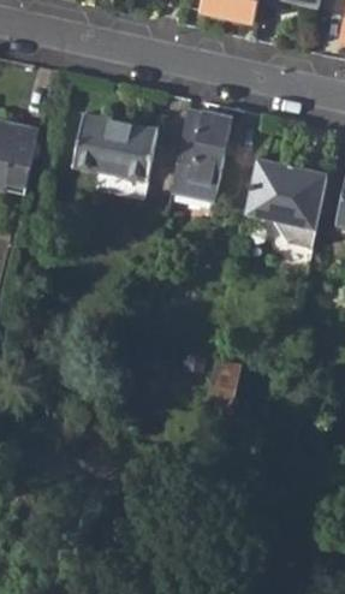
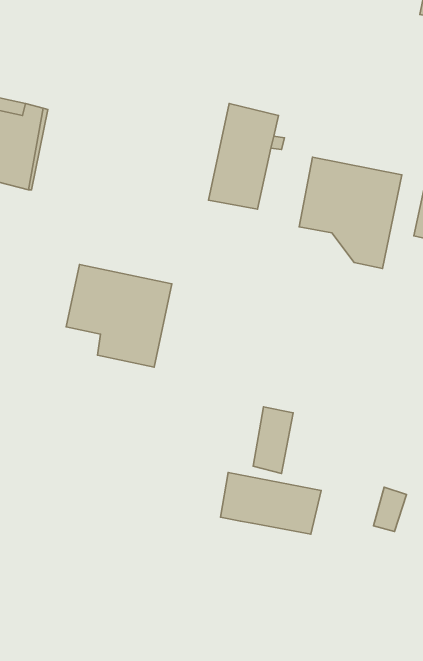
building: [73,105,159,188] -> [66,264,172,367]
building: none -> [221,473,321,534]

